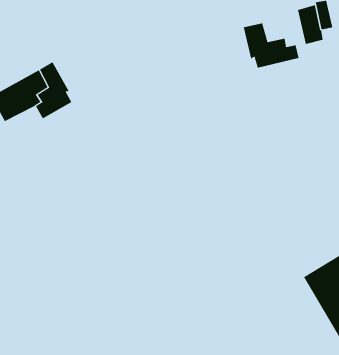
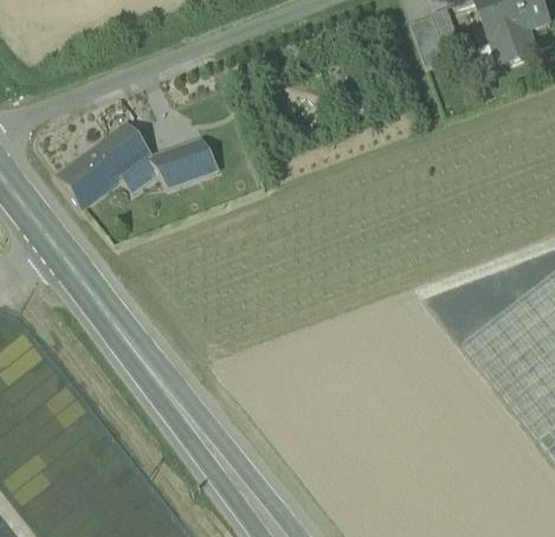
building: [243,22,299,69] -> none
building: none -> [148,142,214,185]

